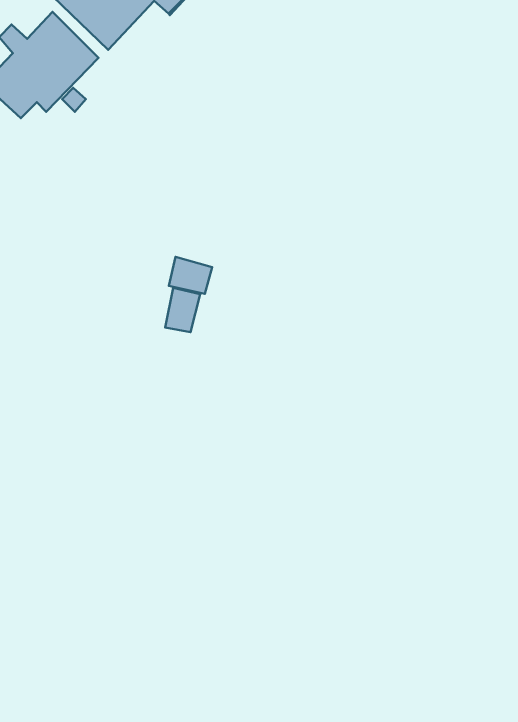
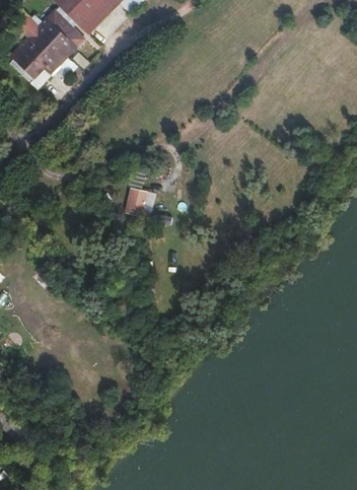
building: [169,257,212,294] -> none

